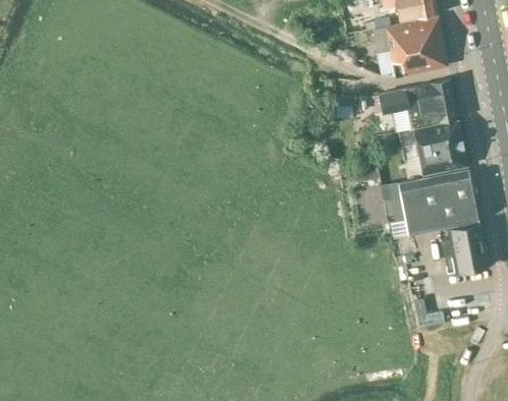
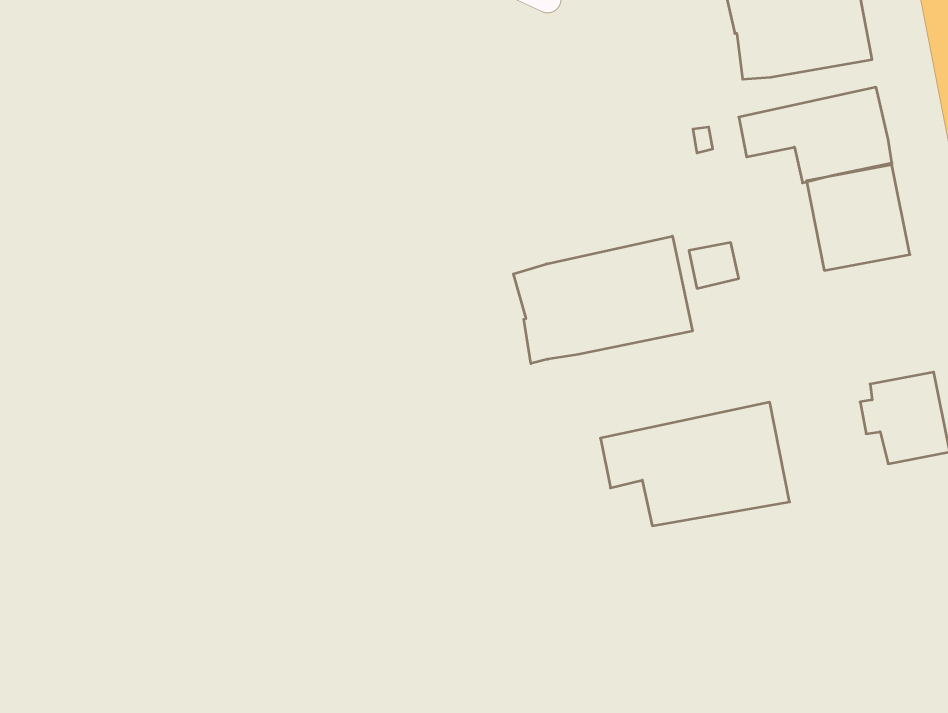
building: none -> [513,236,692,364]
building: [381,170,477,233] -> [600,402,790,526]

